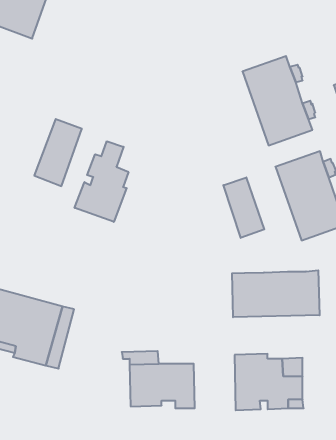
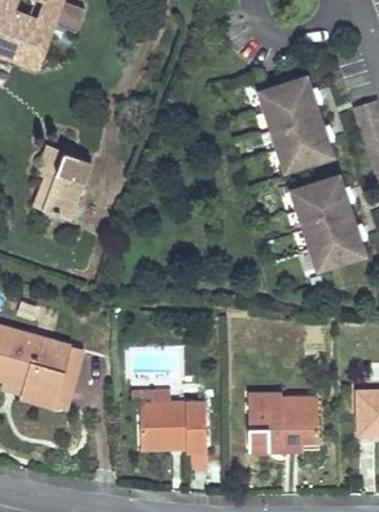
building: [75,141,128,222] -> none
building: [223,177,264,238] -> none
building: [232,270,320,317] -> none

